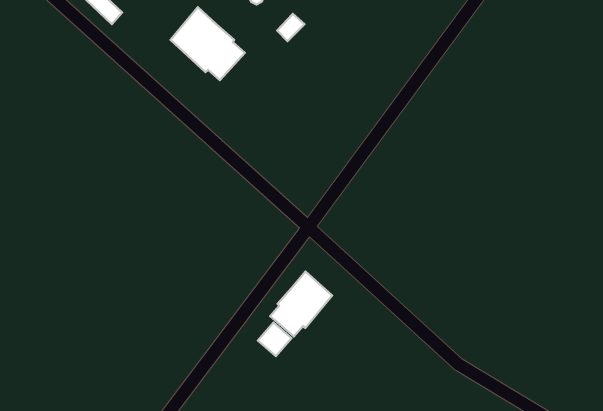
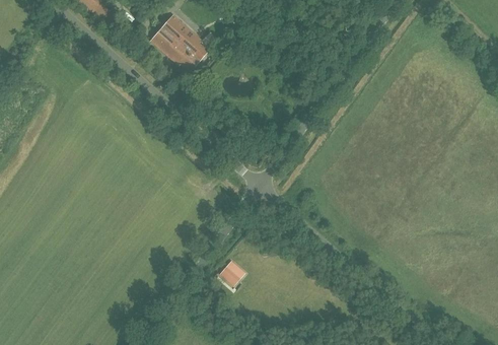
building: [270,271,332,336] -> none

